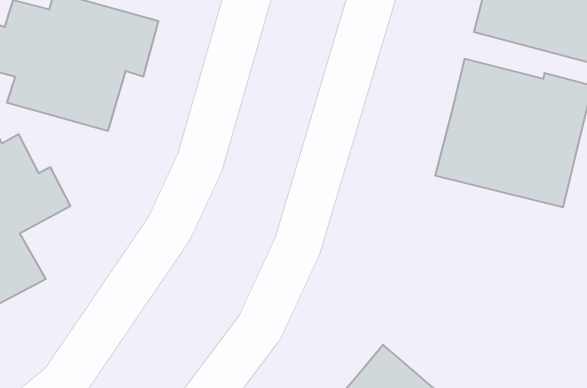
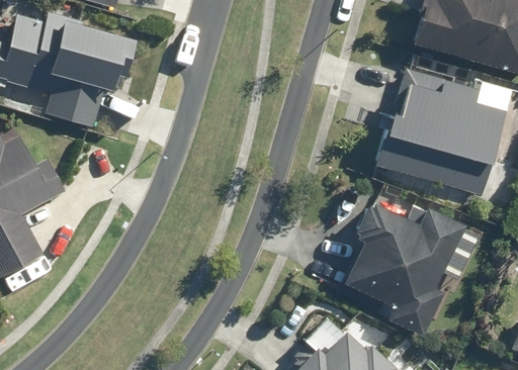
building: none -> [341,198,484,338]

